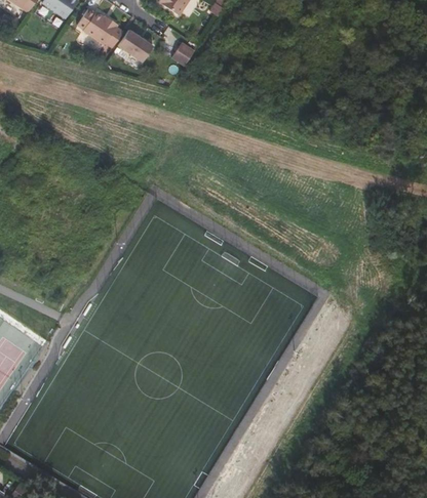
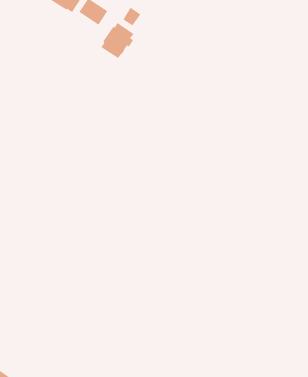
building: none -> [101,22,134,59]

